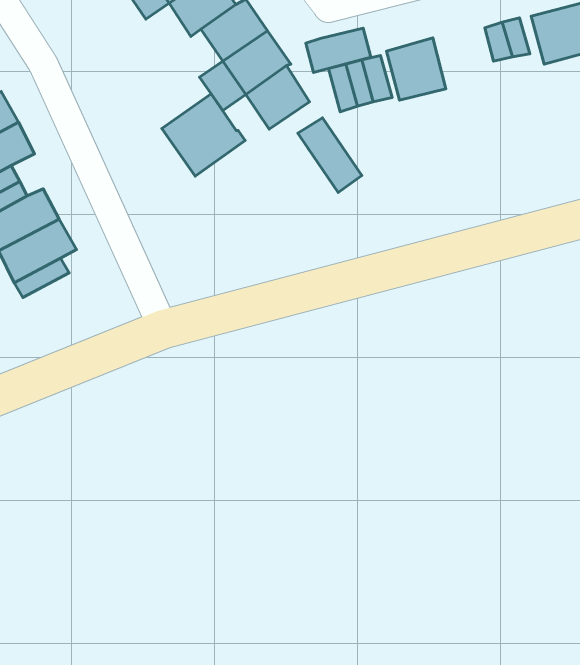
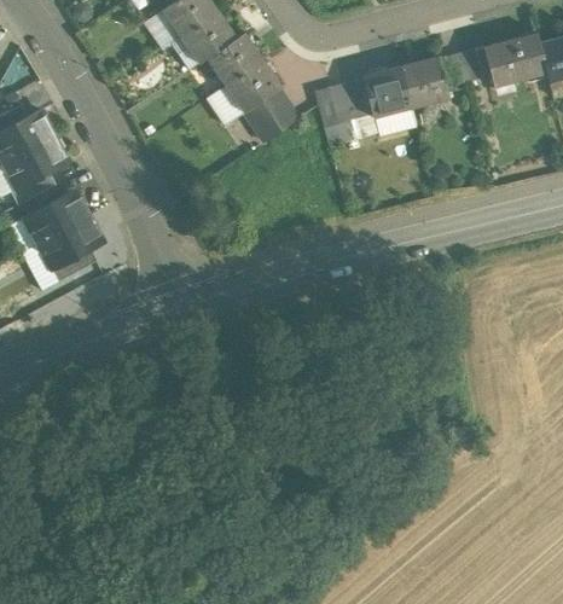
building: none -> [400,56,448,108]
building: [306,28,371,72] -> none
building: [162,94,245,176] -> none
building: [298,118,362,193] -> none

